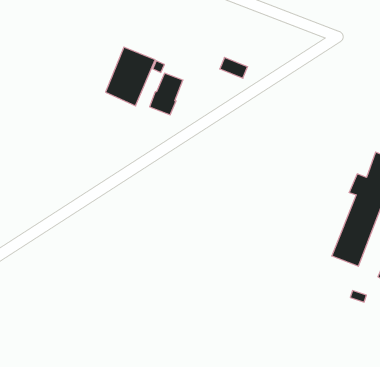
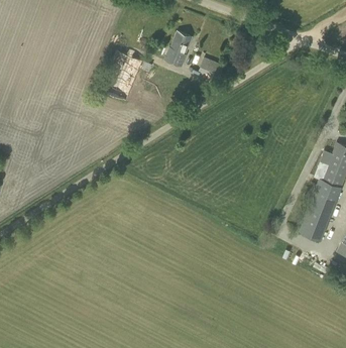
building: [150,73,183,115] -> [163,30,193,67]

